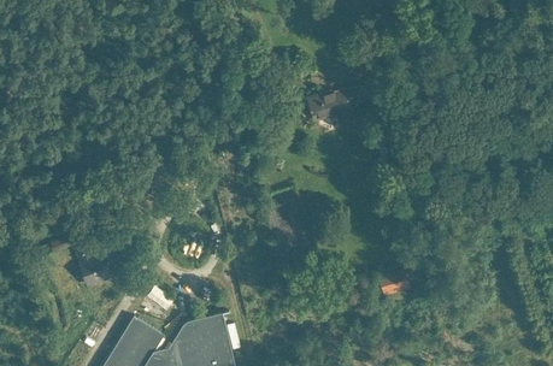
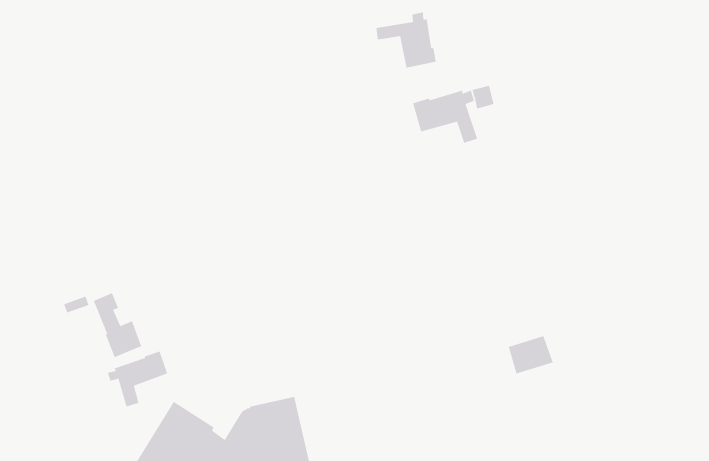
building: none -> [375,12,437,69]
building: none -> [107,350,168,408]

